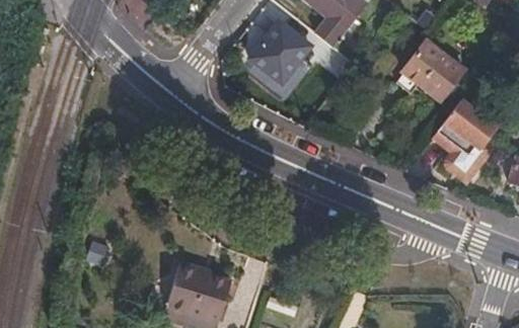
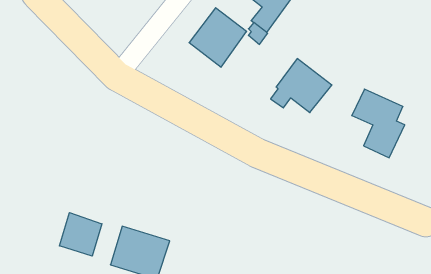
building: [398,40,466,100] -> [271,59,332,113]
building: none -> [59,213,102,256]

